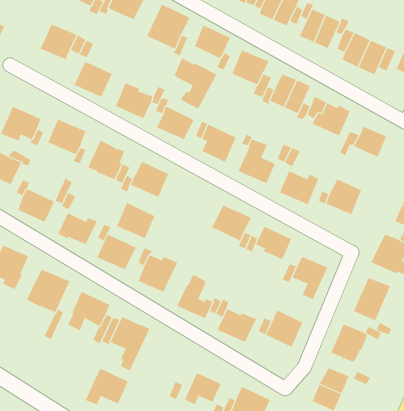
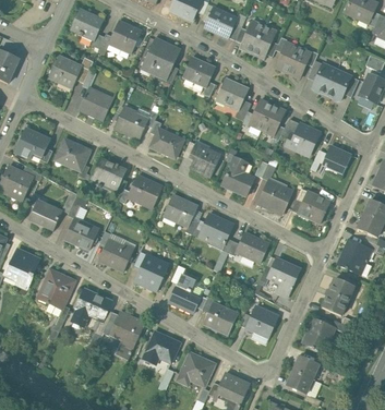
building: [174,58,217,109] -> none
building: [117,202,155,238] -> [164,194,197,226]
building: [85,368,129,405] -> [142,330,180,363]

